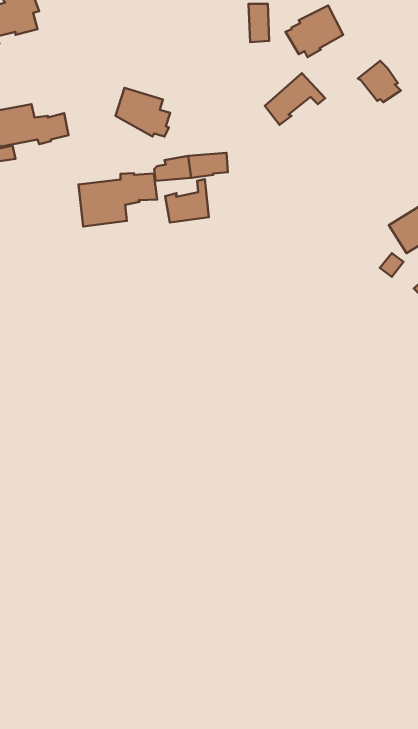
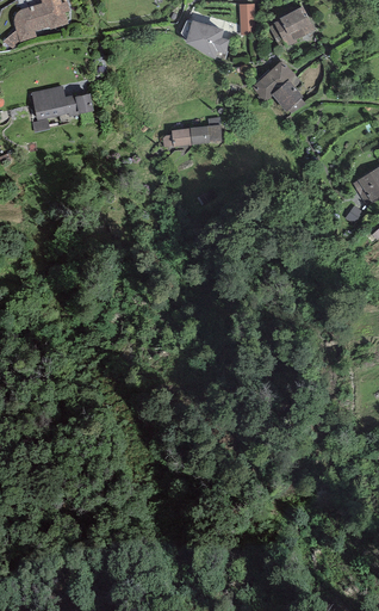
building: [358,61,401,102] -> [271,79,305,112]
building: [116,88,170,136] -> [185,19,229,58]
building: [79,173,157,227] -> none
building: [165,179,209,222] -> none

